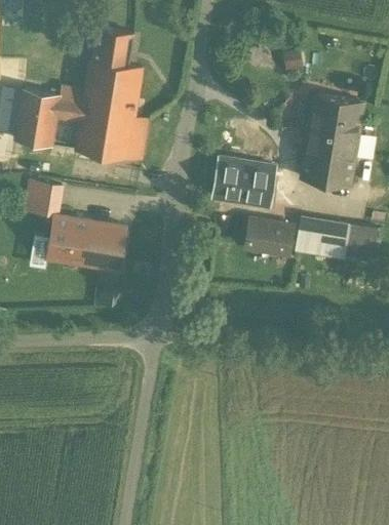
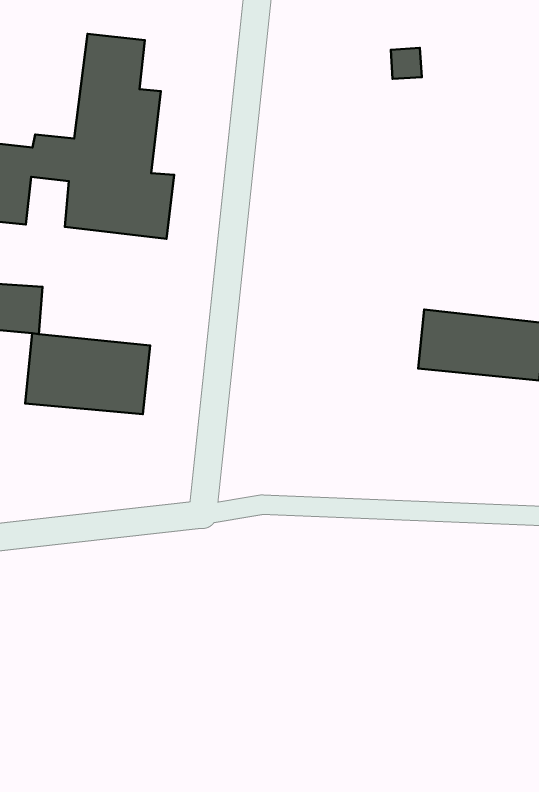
building: [300,95,364,187] -> none
building: [211,149,275,217] -> none
building: [245,220,290,255] -> none

